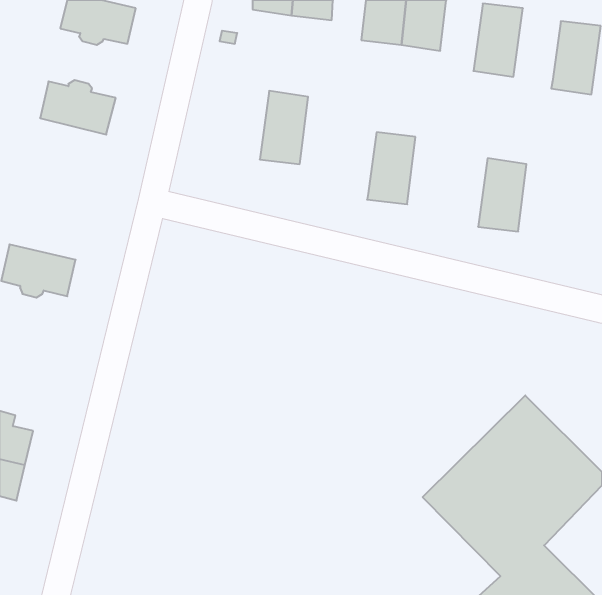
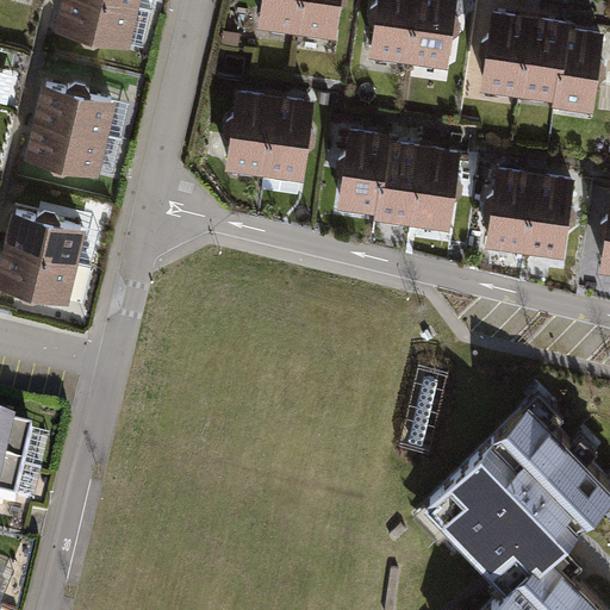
building: none -> [518,17,567,91]
building: none -> [223,95,272,169]
building: none -> [31,127,107,181]
building: none -> [331,130,380,204]
building: none -> [411,147,460,220]
building: none -> [523,174,572,248]
building: none -> [10,216,86,270]

